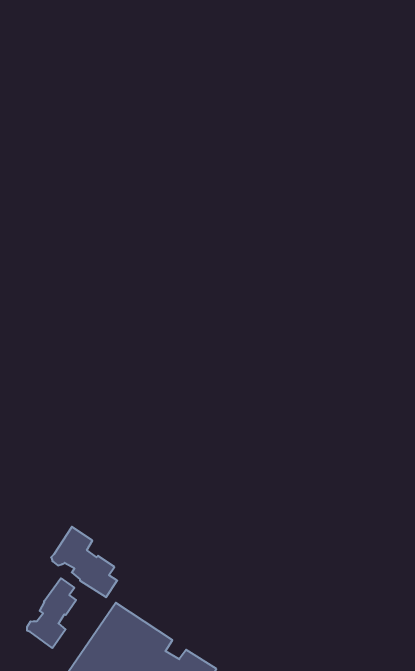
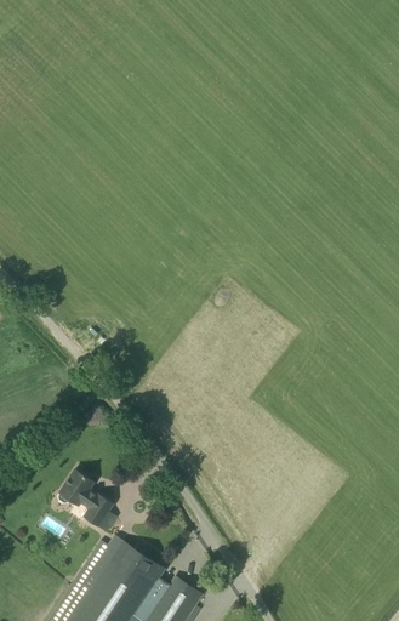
building: [27,578,76,648] -> none

